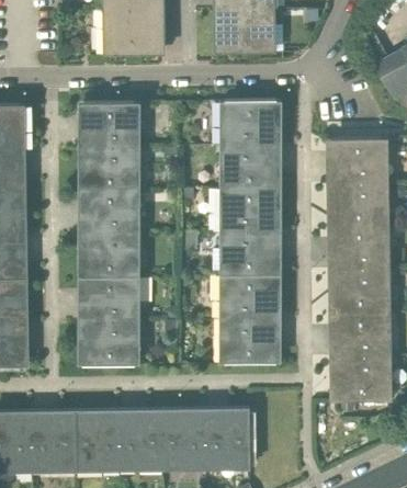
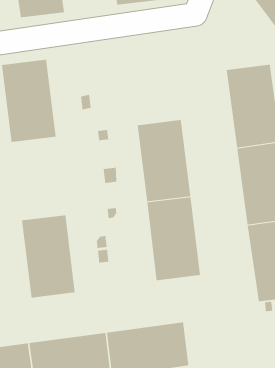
building: [226,100,276,188] -> none
building: [83,190,135,277] -> none

